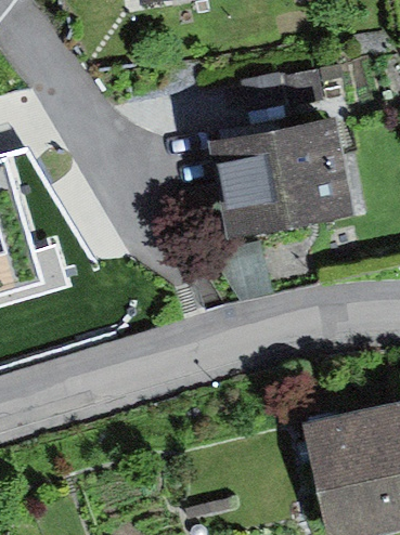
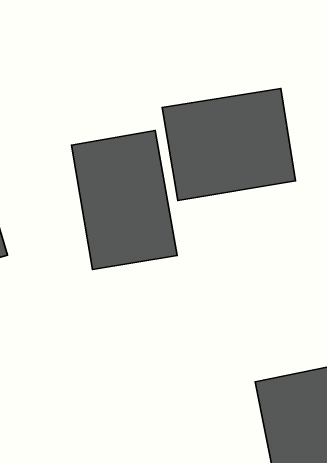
building: none -> [72,130,177,269]

